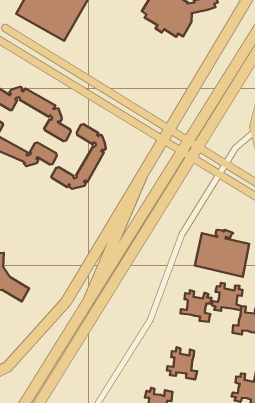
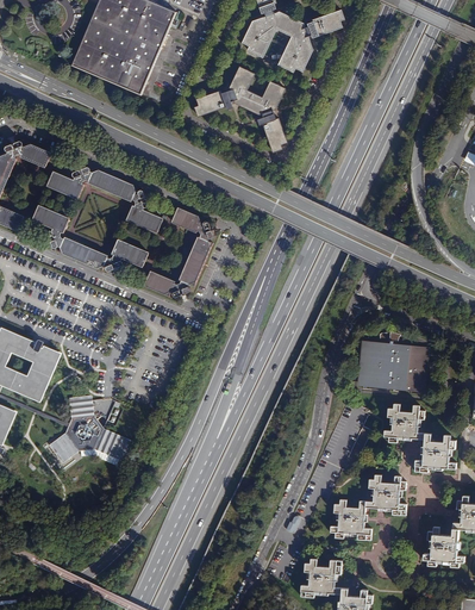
building: none -> [196,67,289,152]
building: [181,290,212,322] -> [367,475,408,516]

